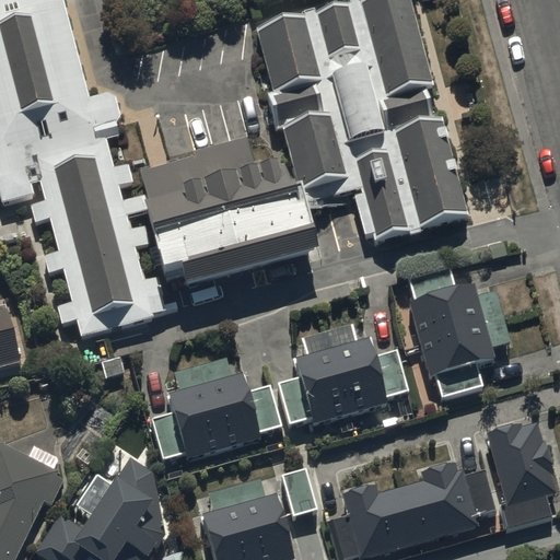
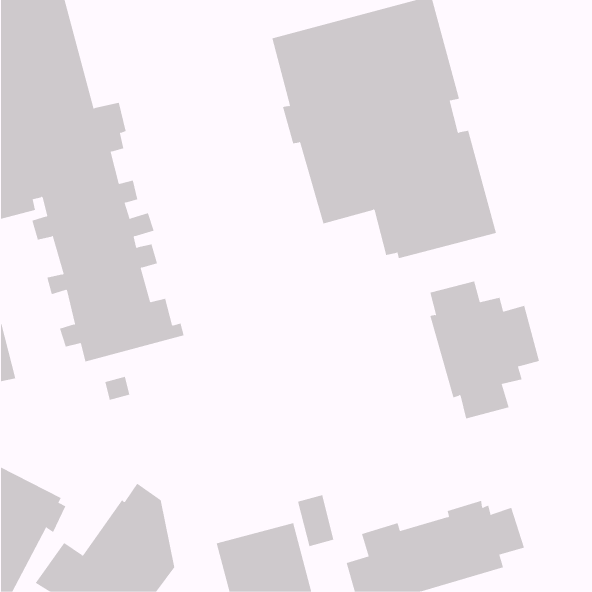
building: [139,136,315,283] -> none
building: [276,320,407,423] -> none
building: [150,353,281,457] -> none
building: [486,431,555,535] -> none

